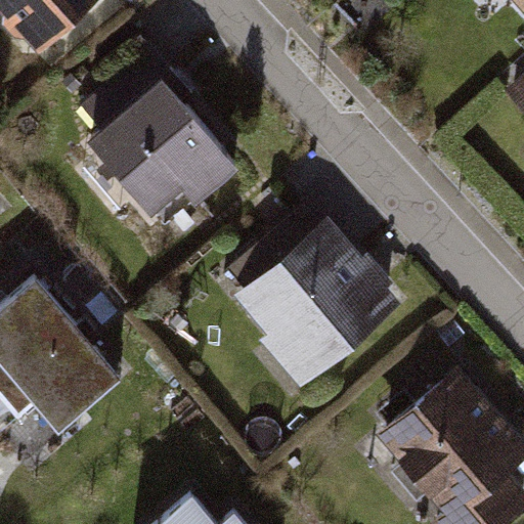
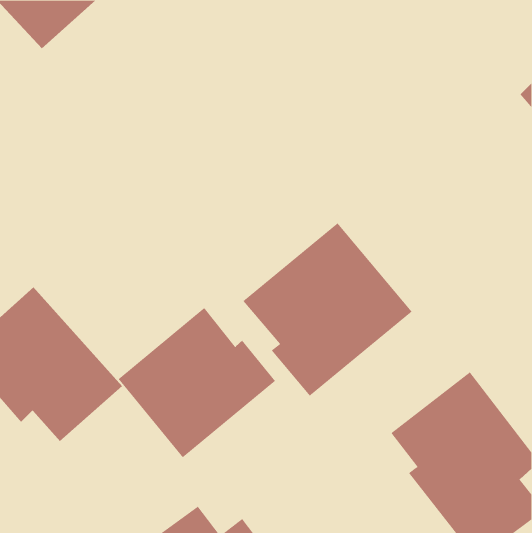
building: [85,73,241,216] -> none
building: none -> [118,307,276,458]

